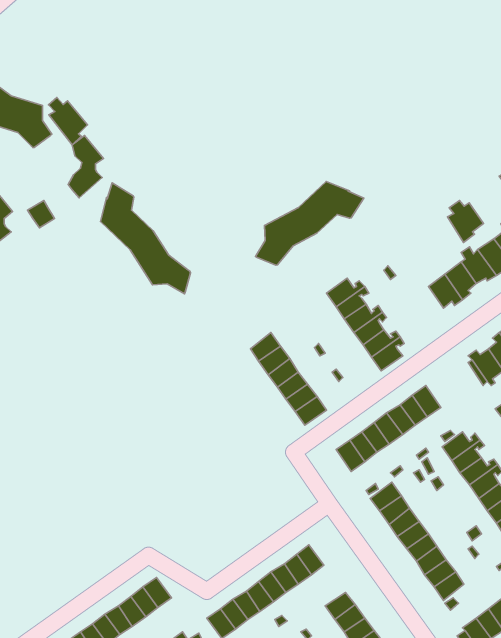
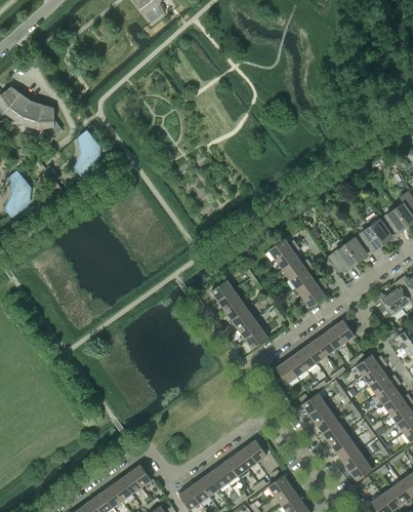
building: [48,98,87,145] -> none
building: [256,182,364,265] -> none
building: [100,183,190,294] -> none
building: [447,200,483,243] -> none
building: none -> [327,244,357,273]

